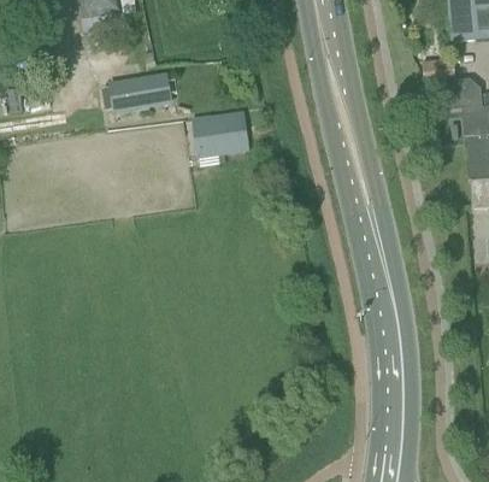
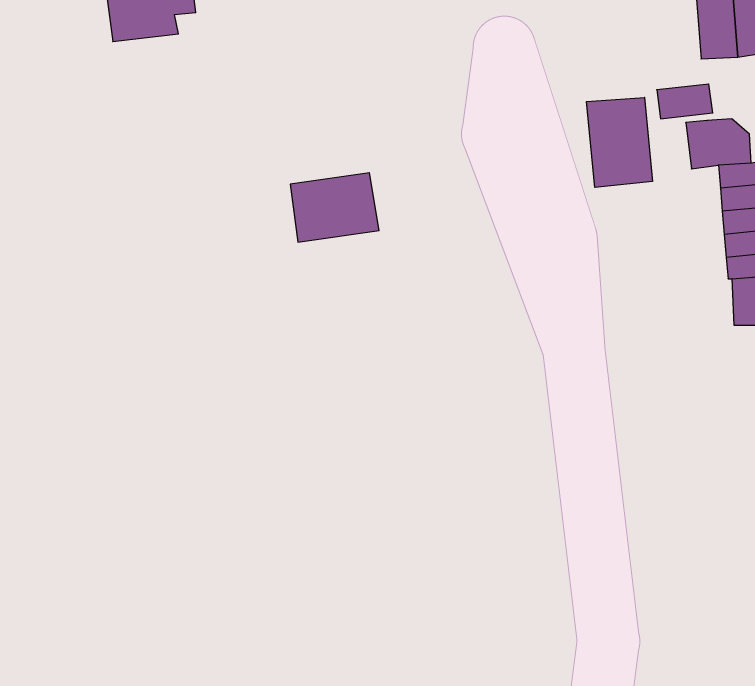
building: none -> [587,97,652,187]
building: [110,74,170,107] -> none

